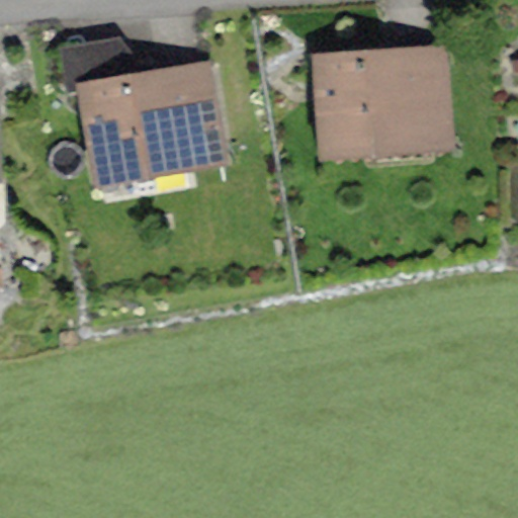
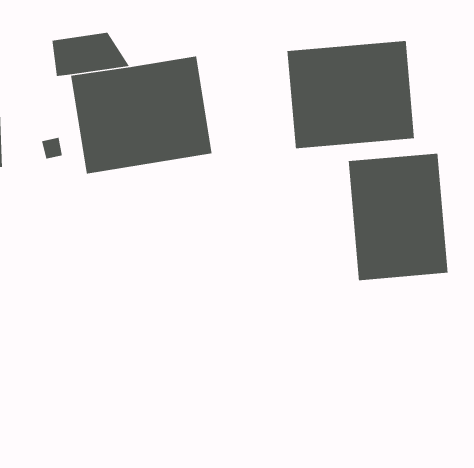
building: none -> [348,153,448,281]

